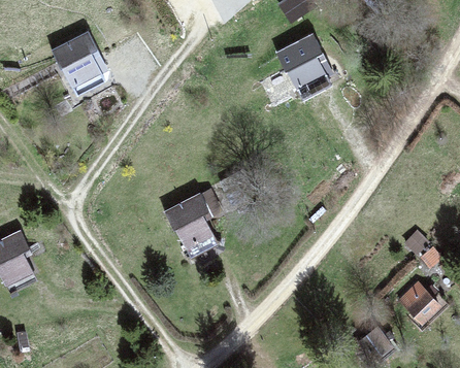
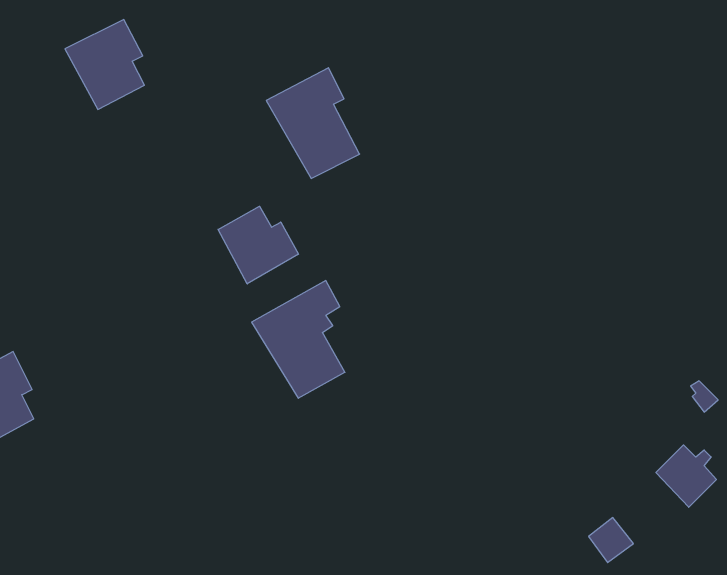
building: [275,34,331,100] -> [266,68,360,178]
building: none -> [218,206,298,284]

